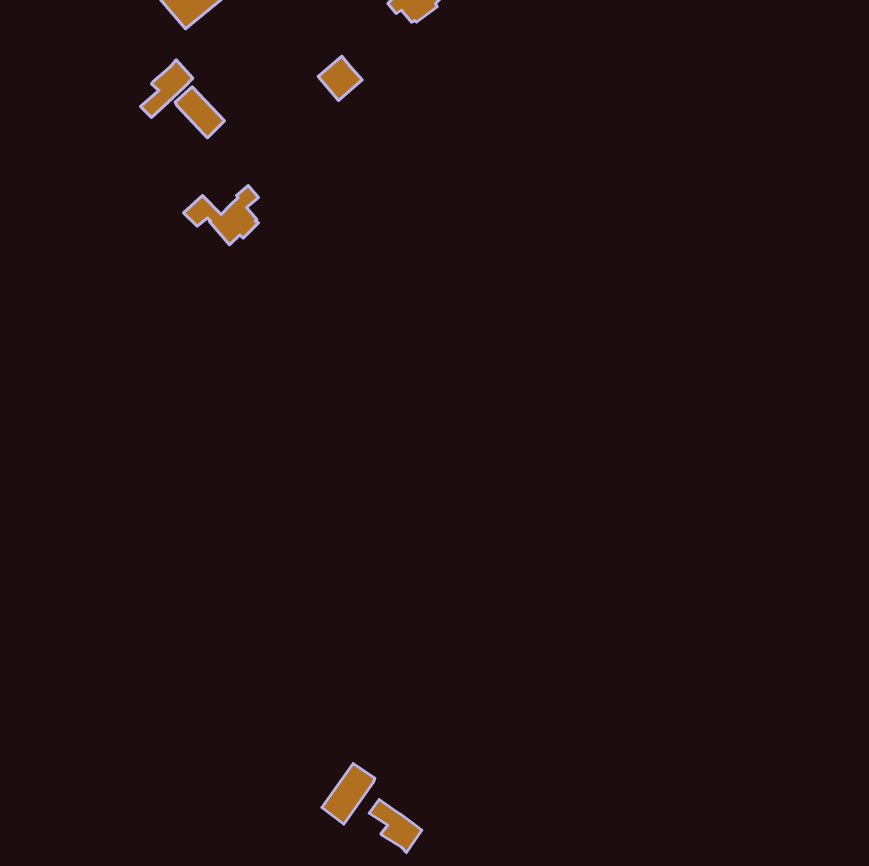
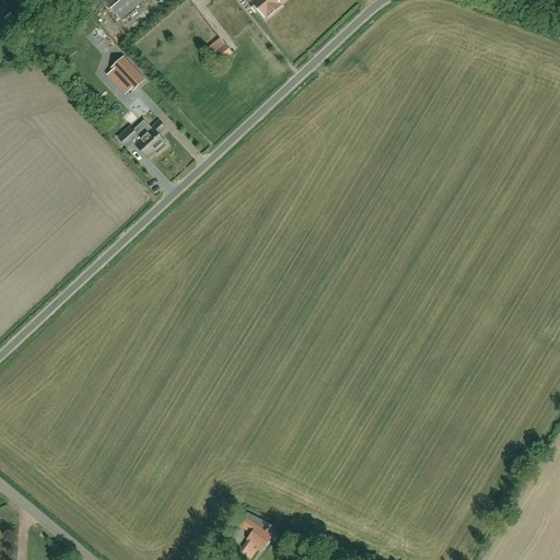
building: [140,60,193,118] -> none
building: [322,764,375,824] -> none

